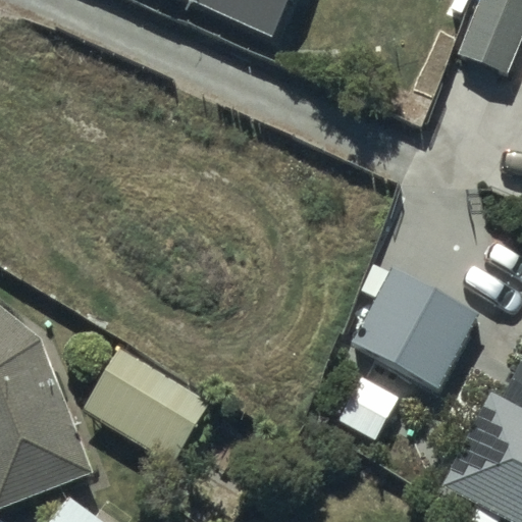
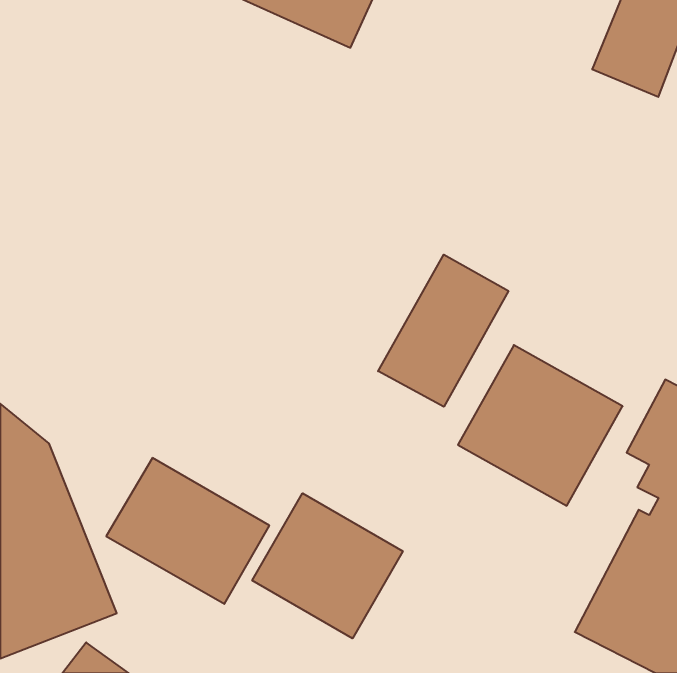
building: none -> [378,255,508,407]
building: none -> [252,493,403,638]

